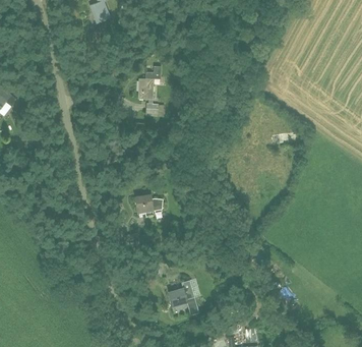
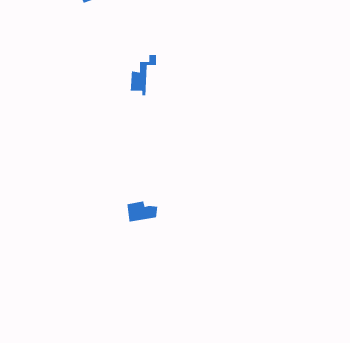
building: [168,280,194,307] -> none

